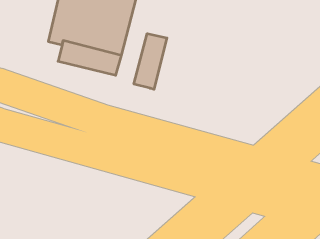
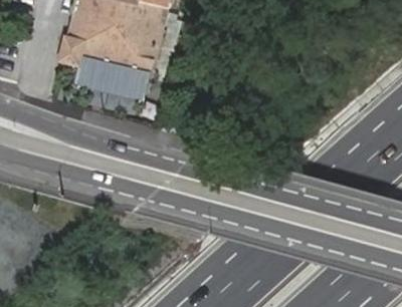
building: [134,34,167,89] -> none

